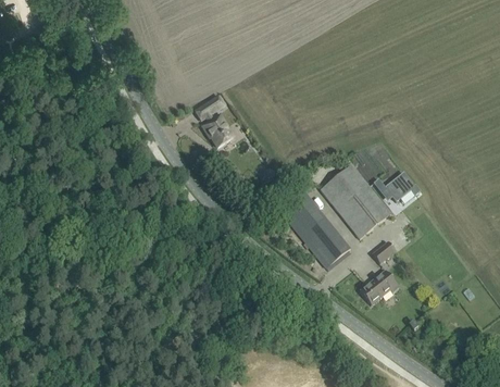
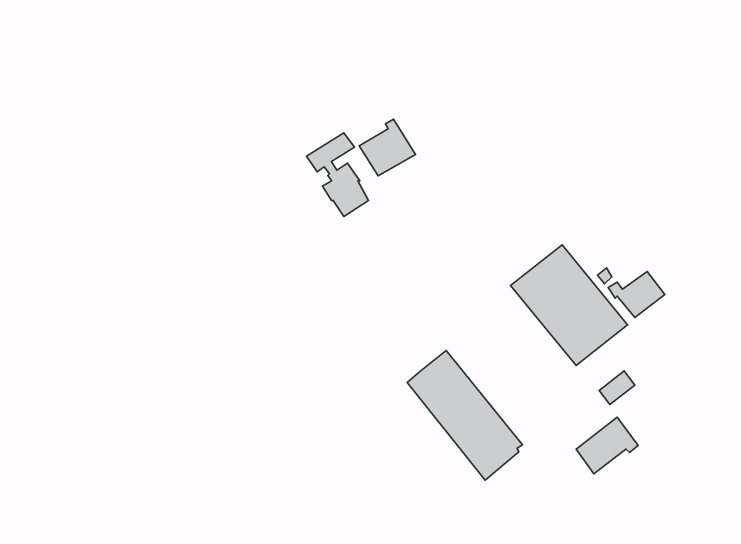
building: none -> [359,119,415,176]
building: [279,189,350,269] -> [407,351,522,480]

